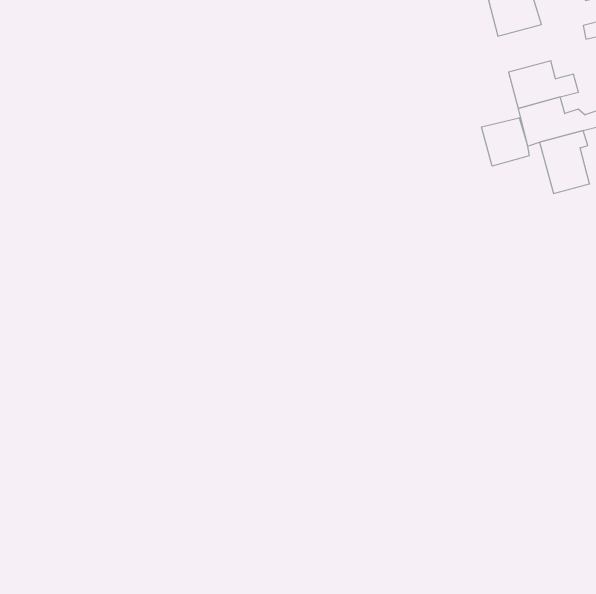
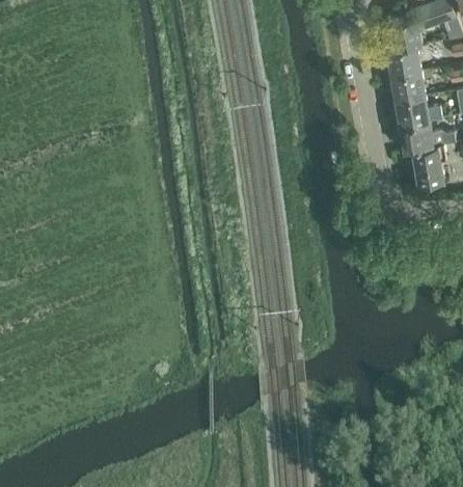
building: none -> [391,73,426,103]
building: [481,118,529,166] -> none

